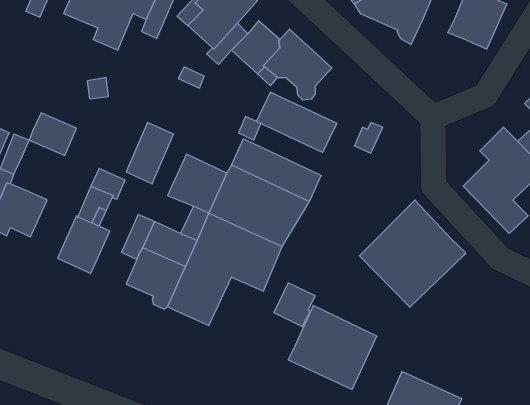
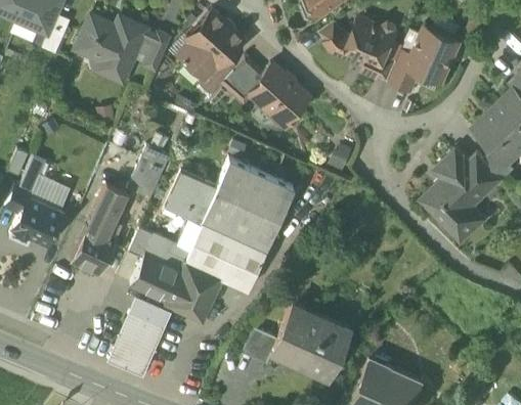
building: none -> [377,49,422,93]
building: [256,92,337,152] -> none
building: [29,113,77,155] -> [30,174,71,211]
building: [359,200,466,307] -> none
building: [274,283,315,327] -> [241,326,276,364]
building: none -> [111,287,172,371]

